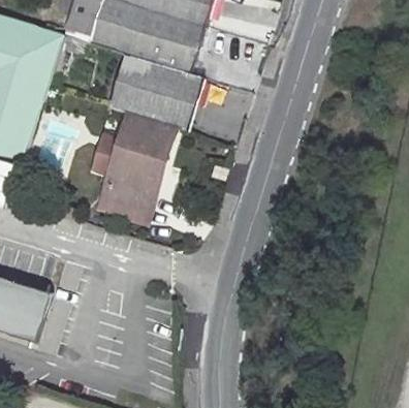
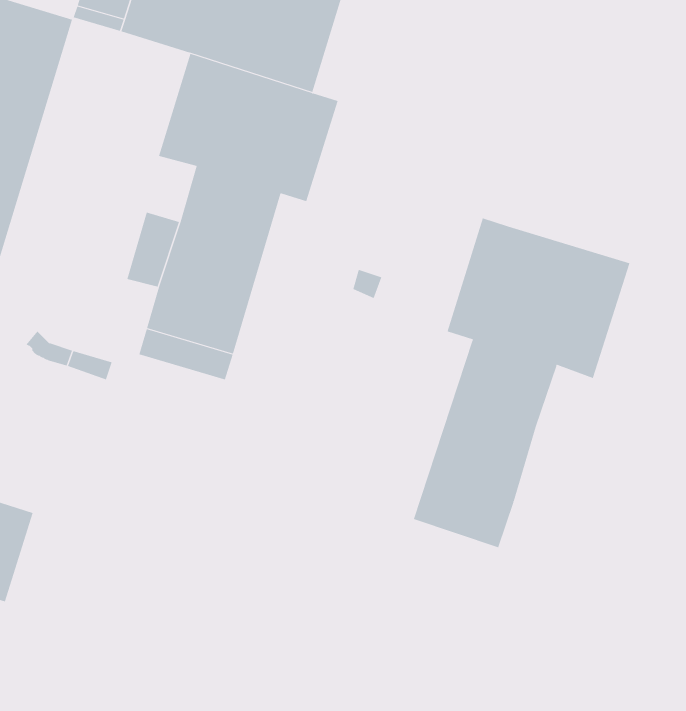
building: none -> [413,218,630,548]

